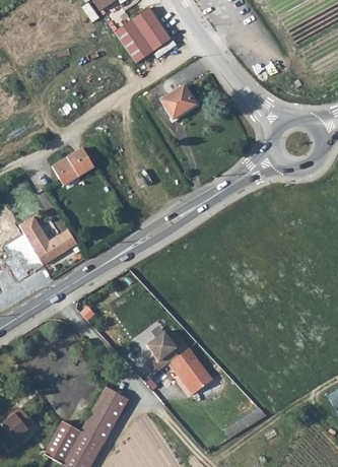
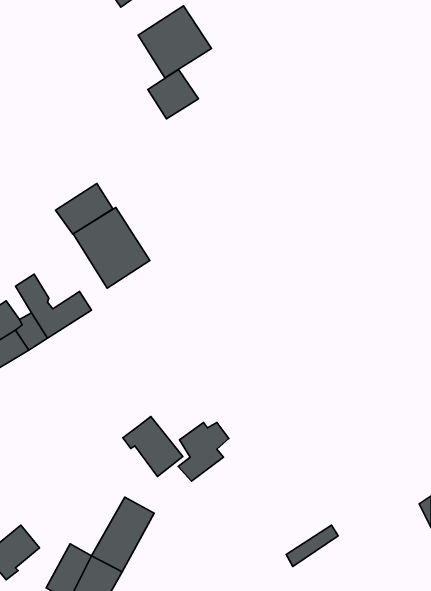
building: [158,80,197,118] -> [148,69,198,119]
building: none -> [73,207,150,288]
building: [166,348,212,394] -> [123,416,183,477]

